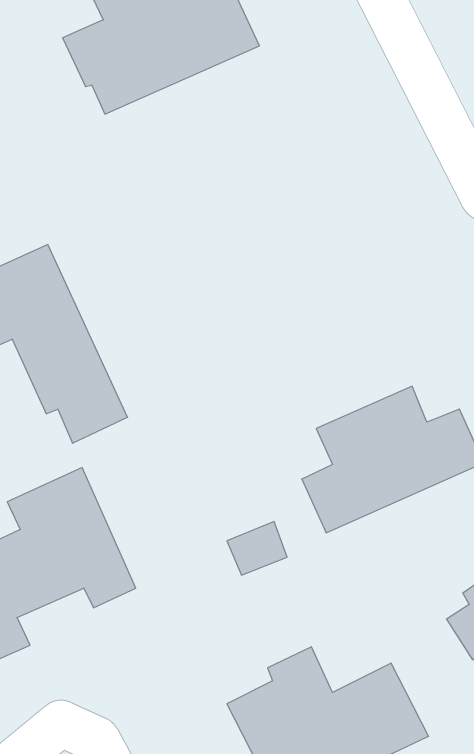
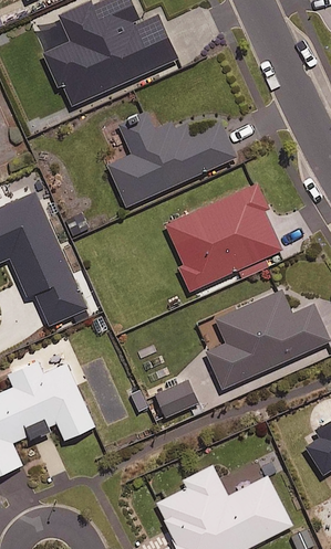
building: none -> [106,119,236,207]
building: none -> [164,184,280,292]

